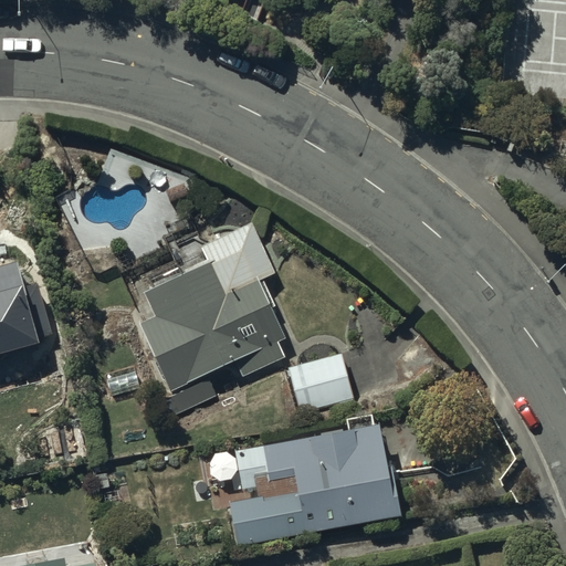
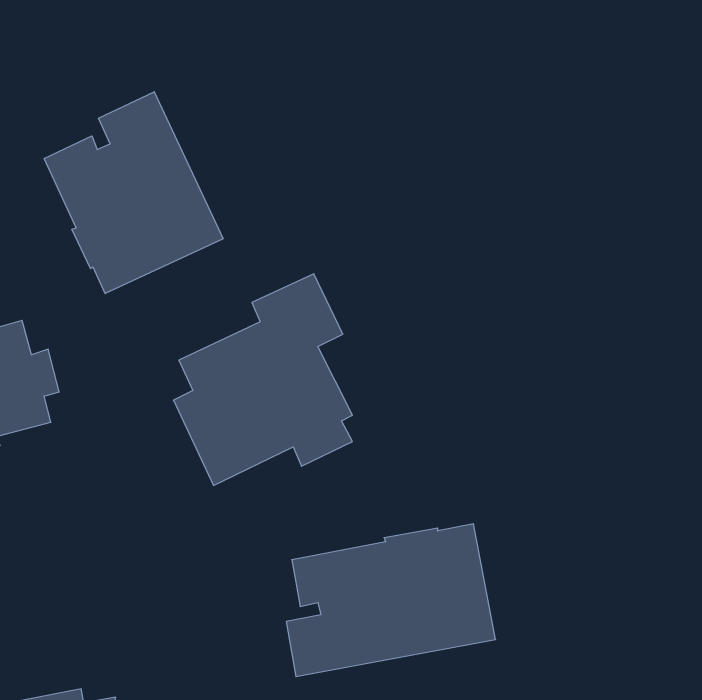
building: none -> [44,92,223,294]
building: [287,355,352,415] -> none

